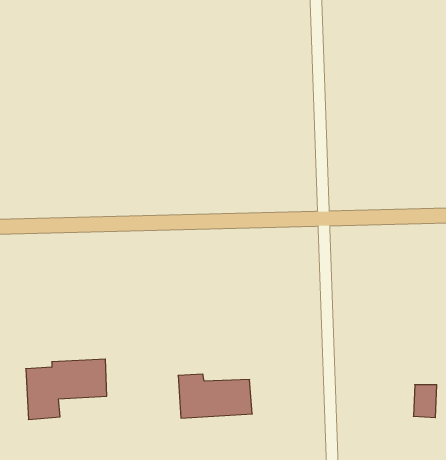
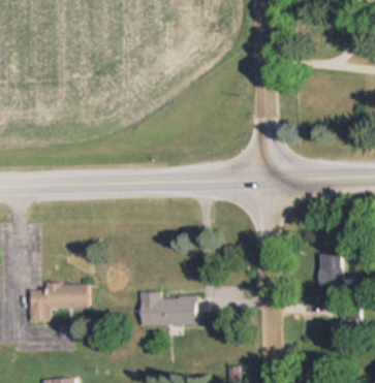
building: [413,385,437,418] -> [321,253,339,278]

